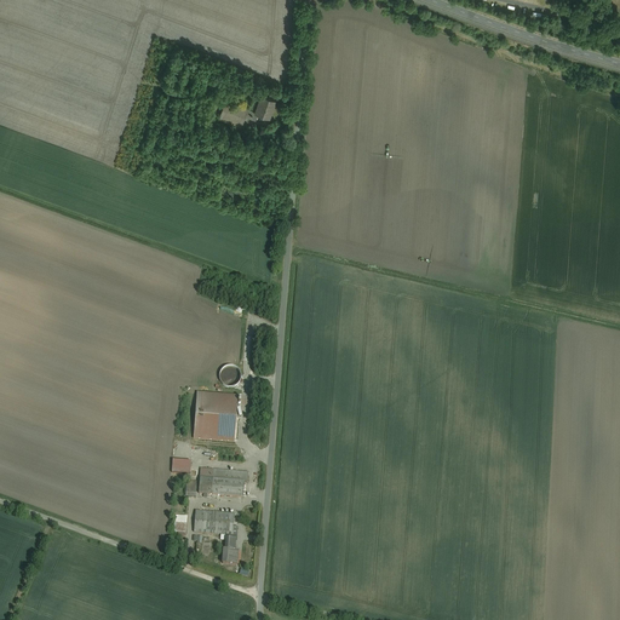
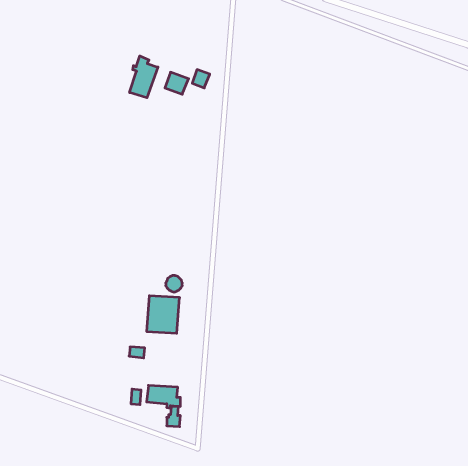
building: none -> [130,56,158,98]
building: [199,466,249,496] -> none

